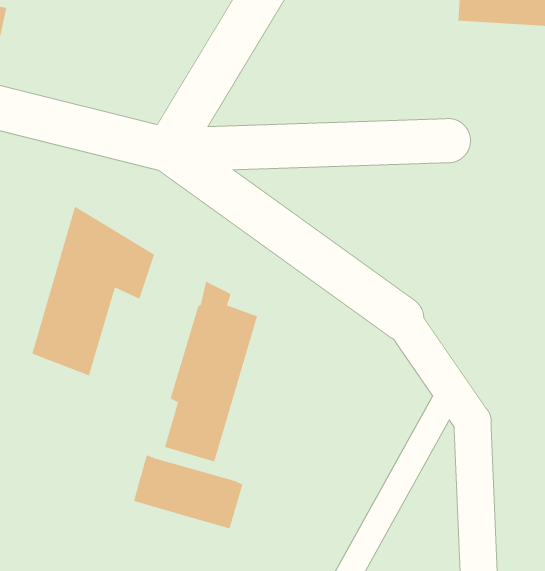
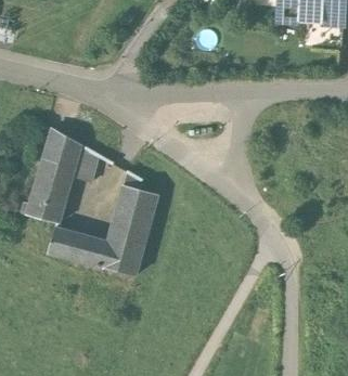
building: [133,455,243,529] -> [49,226,113,270]

